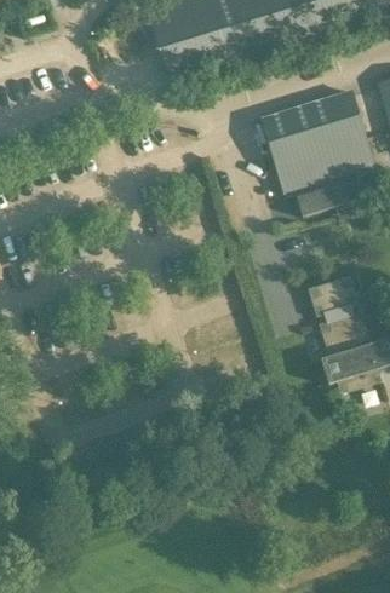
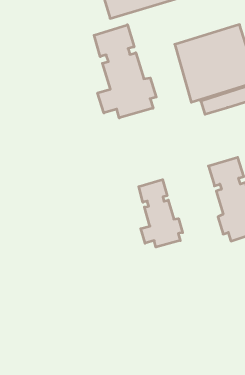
building: none -> [94,25,156,118]
building: none -> [139,180,183,247]

